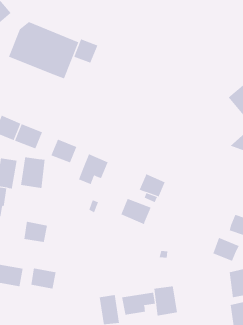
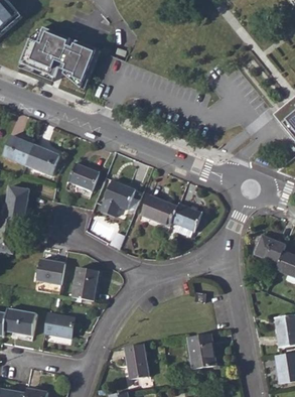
building: [73,39,98,64] -> none
building: [21,156,45,189] -> none
building: [120,198,152,225] -> [141,195,177,227]
building: none -> [71,267,98,301]
building: [213,237,239,261] -> [254,235,285,263]
building: [121,292,155,316] -> none

